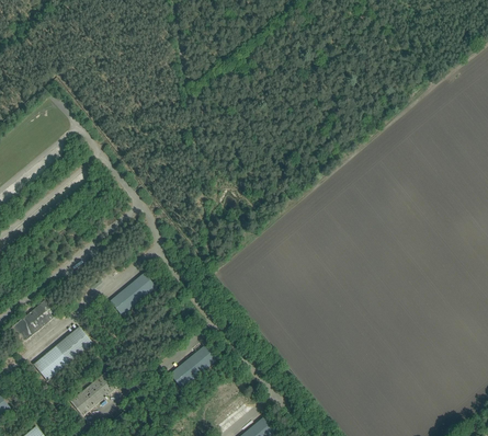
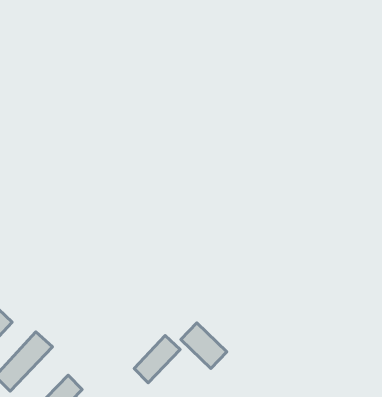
building: [109,273,156,315] -> none
building: none -> [181,323,227,369]

